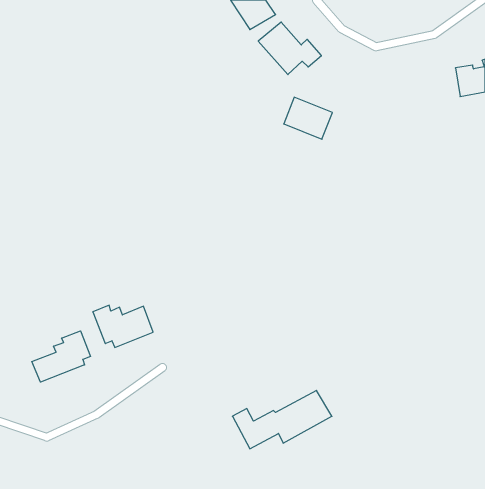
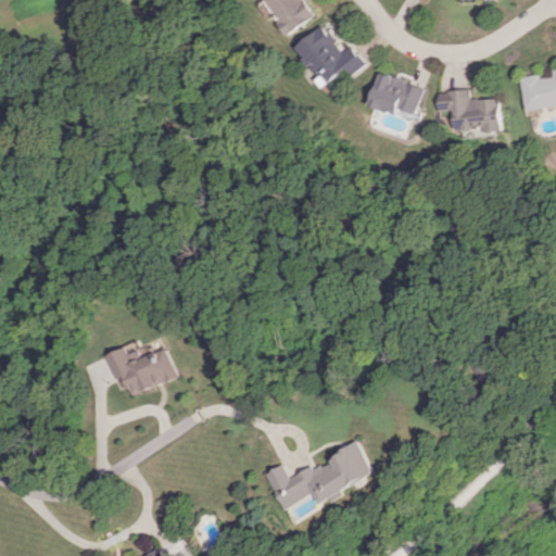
building: none -> [437,89,498,130]
building: [284,97,332,139] -> [368,72,424,119]
building: [32,331,91,382] -> none

